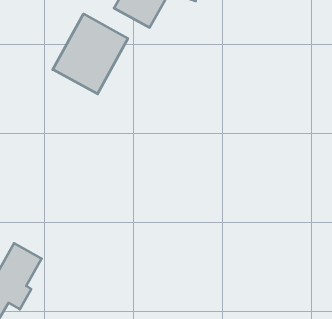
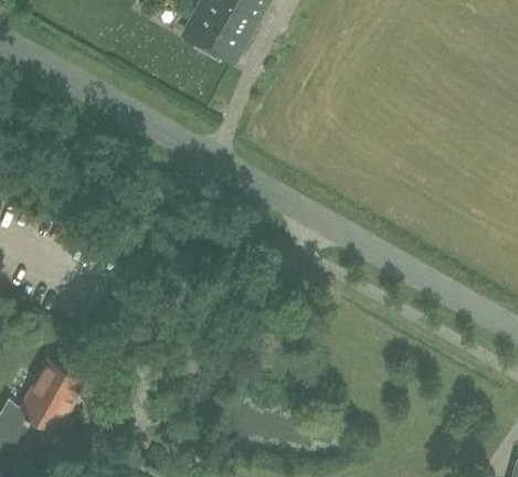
building: [53,14,128,94] -> none

